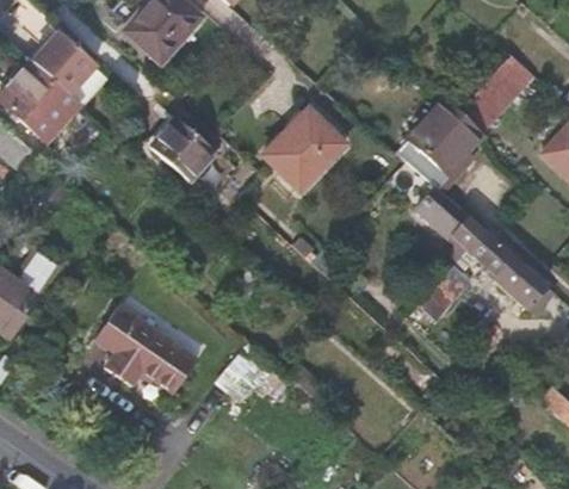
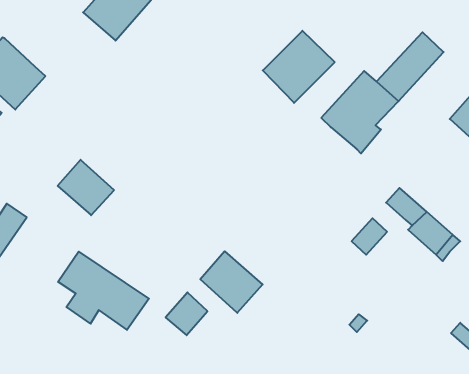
building: [33,31,95,93] -> none
building: [262,109,345,191] -> [263,31,335,103]
building: [150,117,215,180] -> [58,160,114,215]
building: [415,187,484,248] -> none
building: none -> [200,251,263,313]

